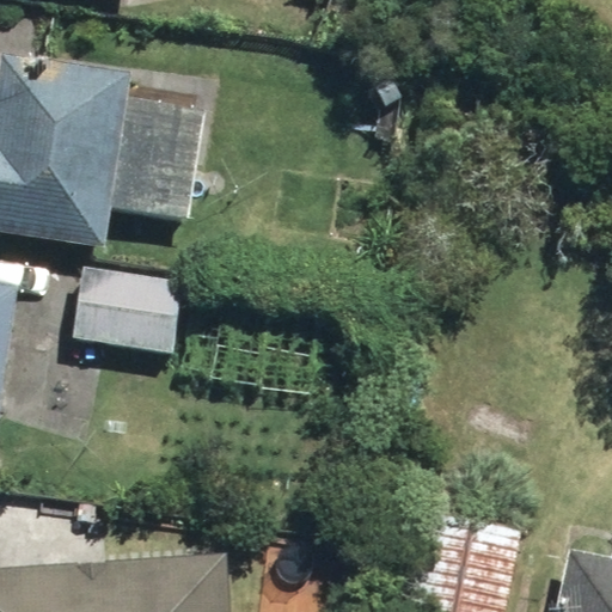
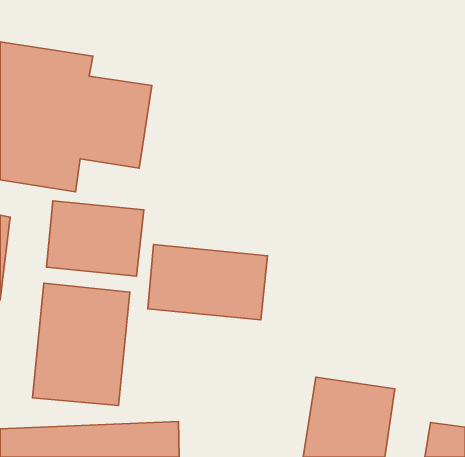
building: none -> [148,245,268,320]
building: none -> [32,283,130,406]

